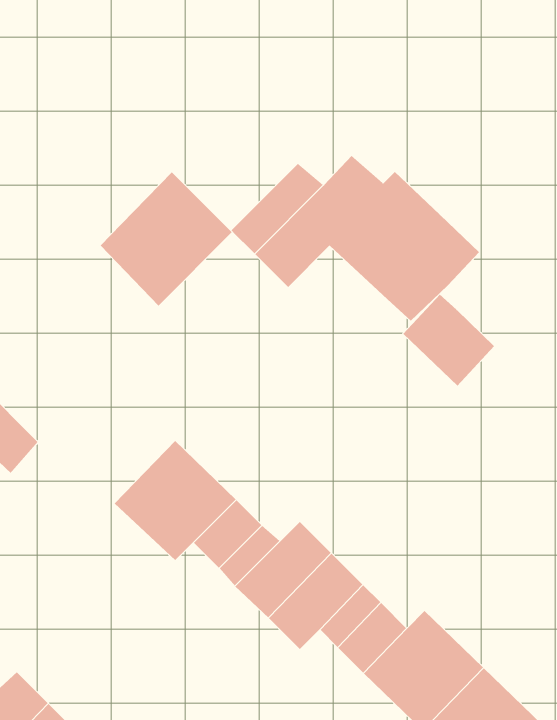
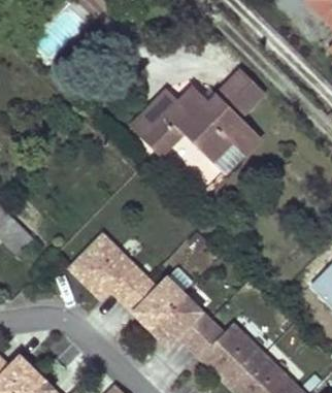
building: none -> [217,70,264,118]
building: [100,171,233,306] -> none
building: [402,294,495,386] -> none

